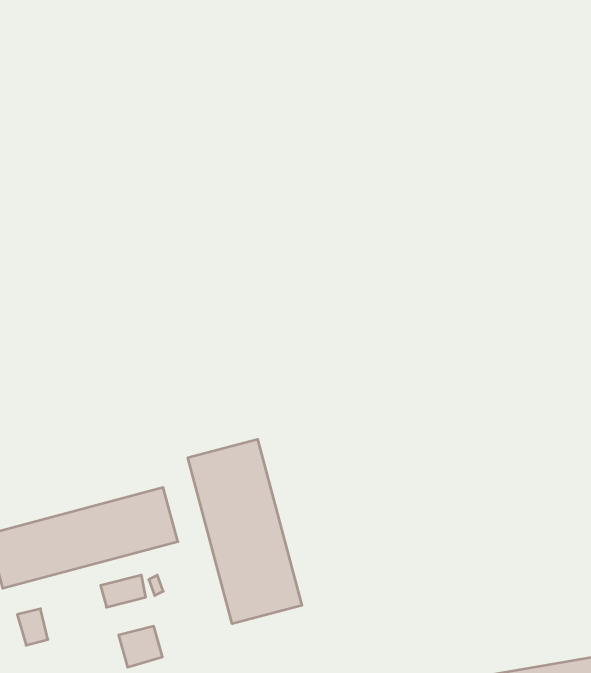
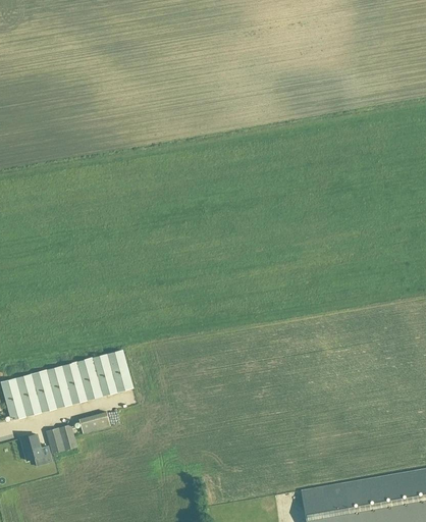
building: [188,439,302,624] -> none
building: [119,626,162,667] -> [46,425,76,454]

